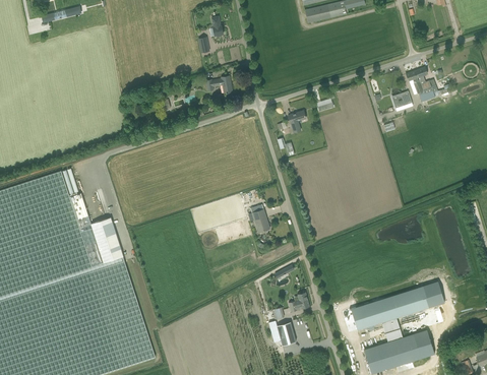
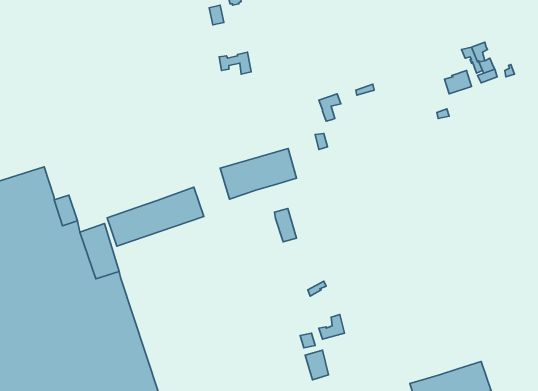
building: none -> [220,148,297,199]
building: none -> [107,187,204,246]
building: [351,286,432,341] -> none

